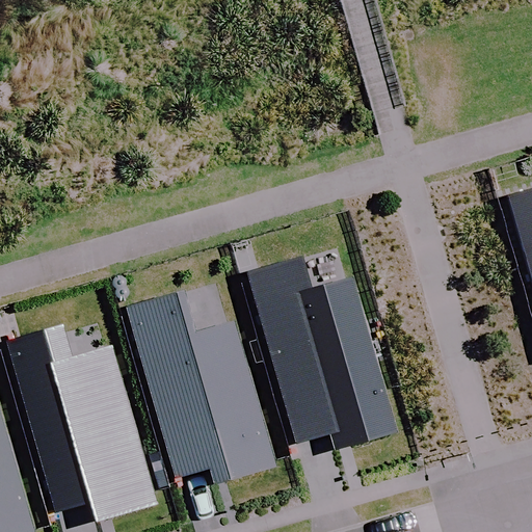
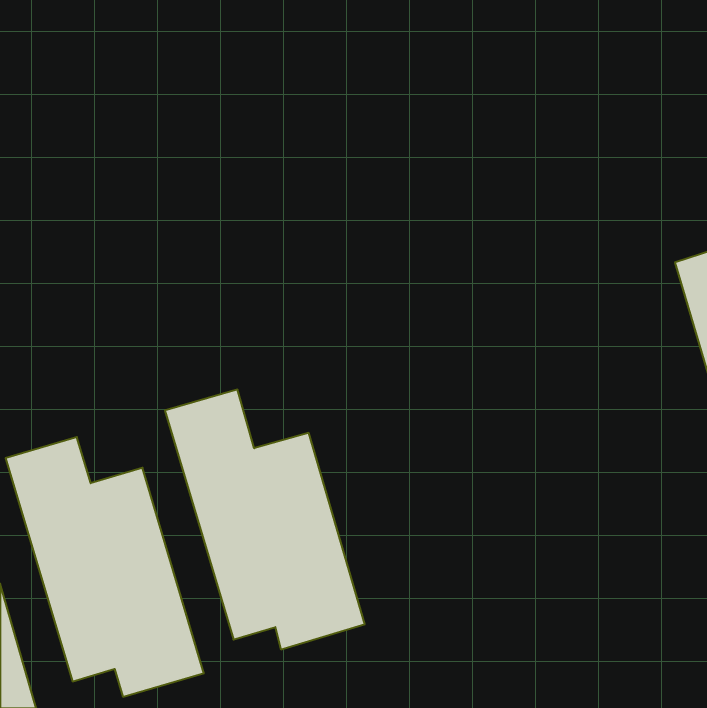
building: [247,255,398,448] -> none

